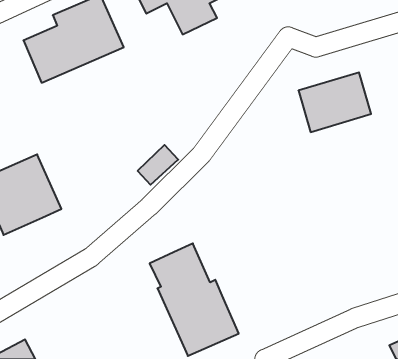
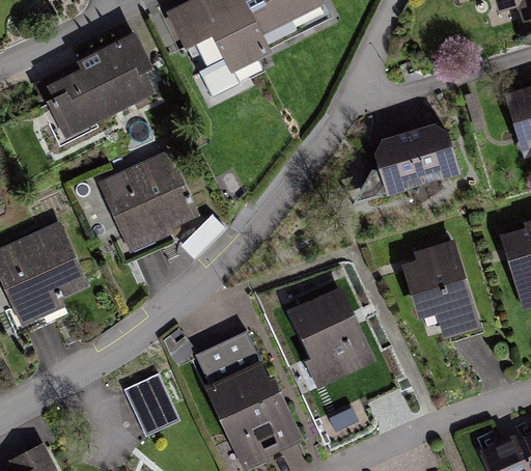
building: none -> [96,148,199,251]
building: none -> [400,237,480,337]
building: none -> [287,286,372,383]
building: none -> [124,370,178,434]

